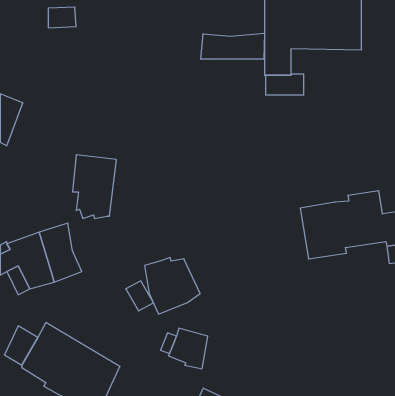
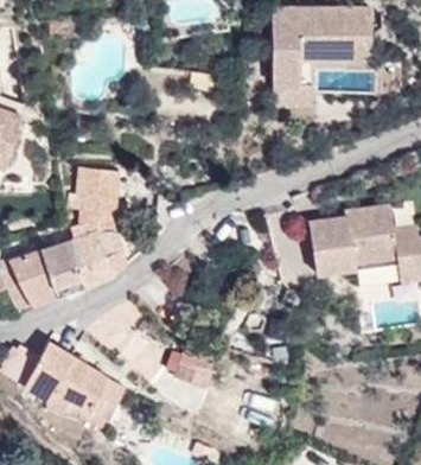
building: [201,33,264,59] -> none
building: [145,258,200,314] -> [70,230,127,288]

